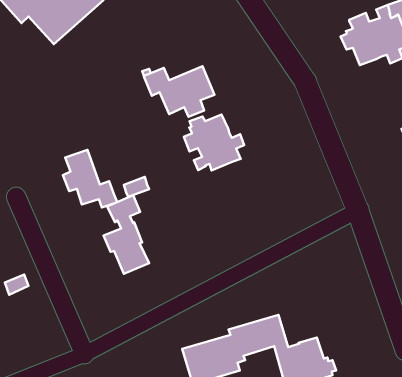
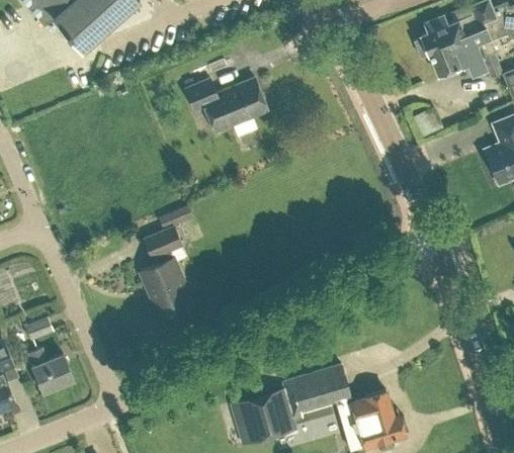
building: [184,114,244,170] -> none
building: [63,150,117,208] -> none
building: none -> [28,349,73,393]

